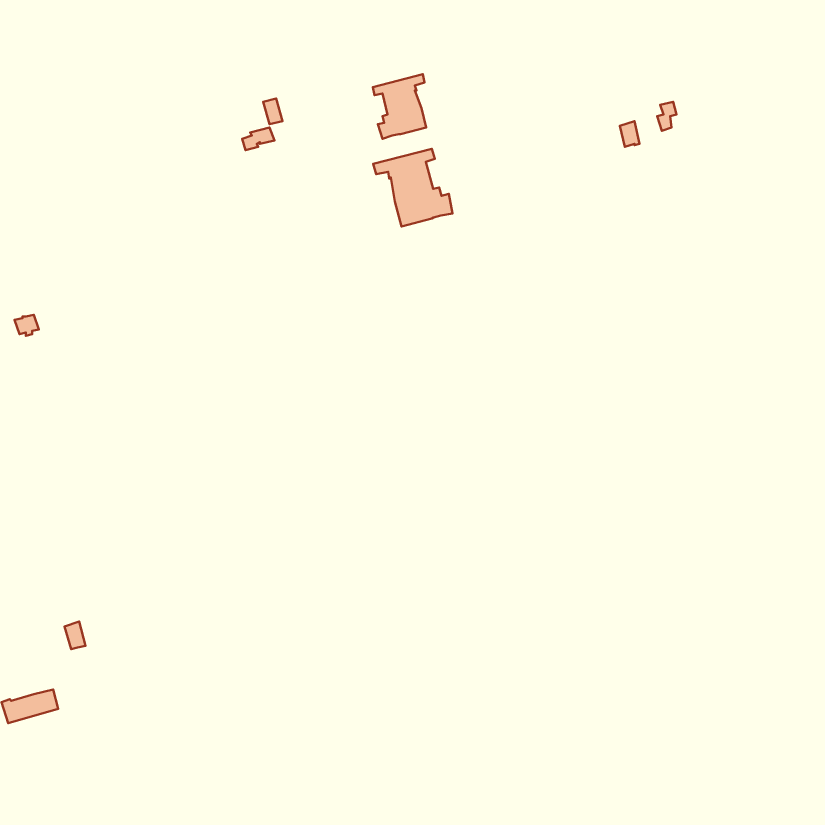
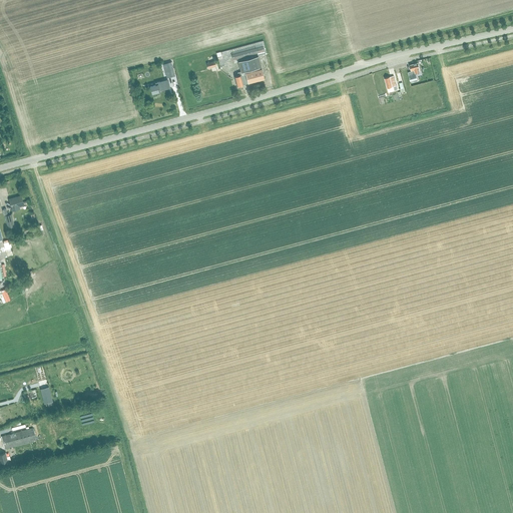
building: [373,149,453,227] -> none

